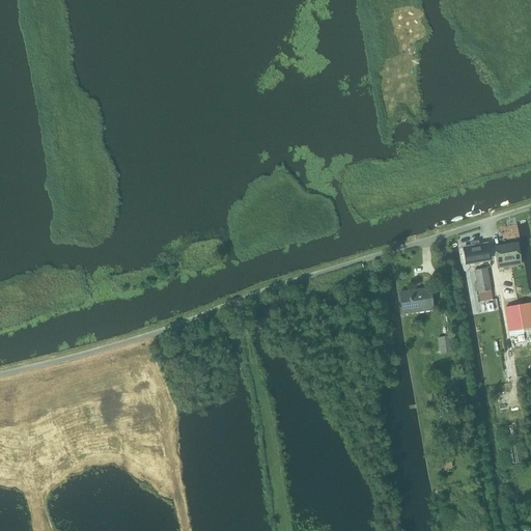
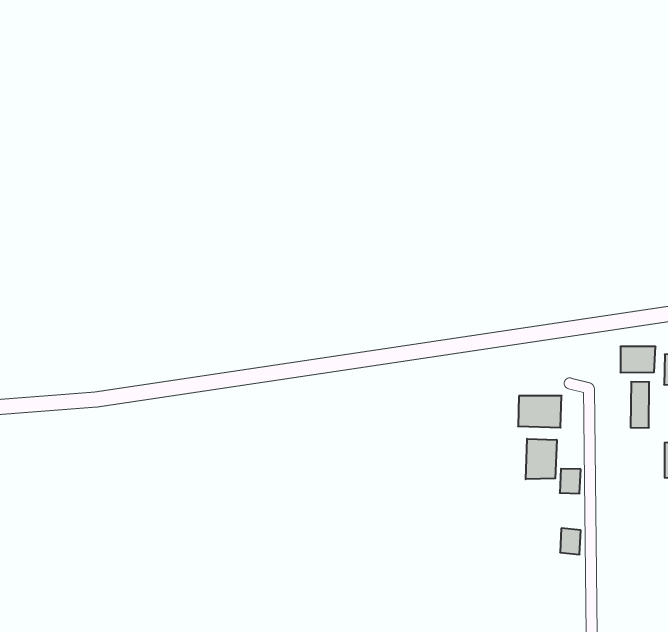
building: none -> [526,439,557,479]

